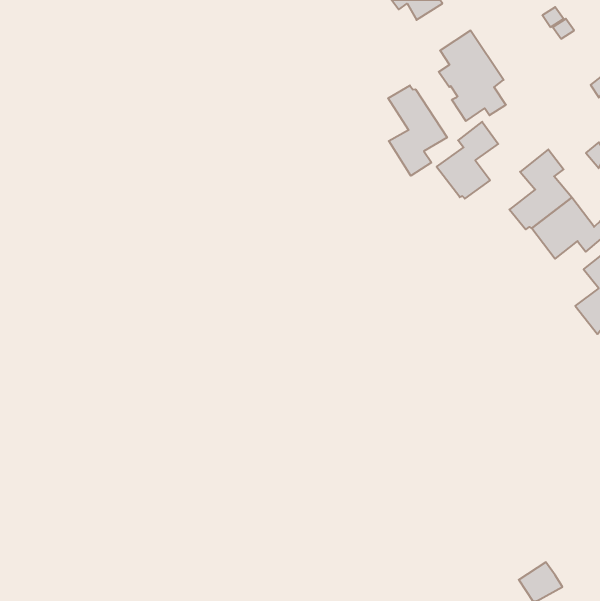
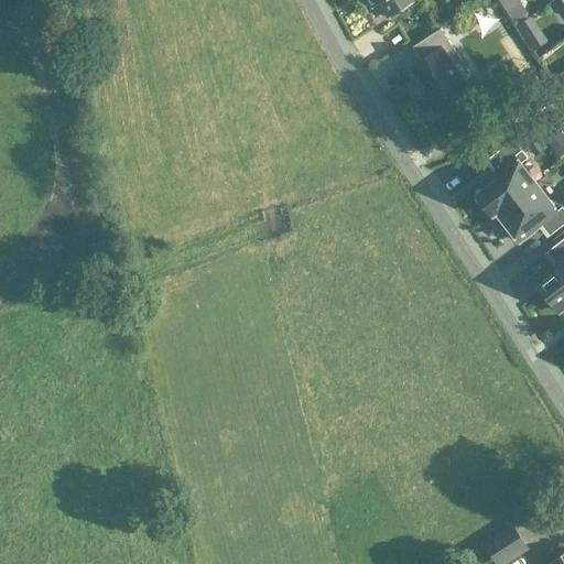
building: [388,85,447,176] -> none
building: [437,122,498,199] -> none

